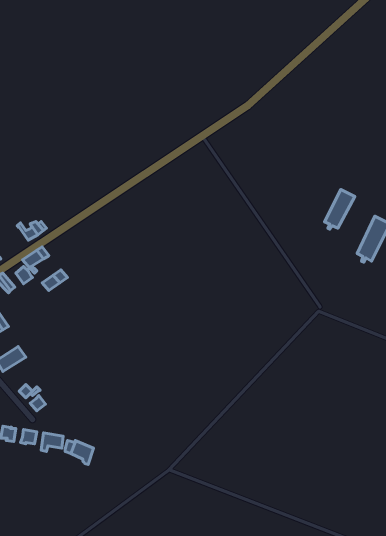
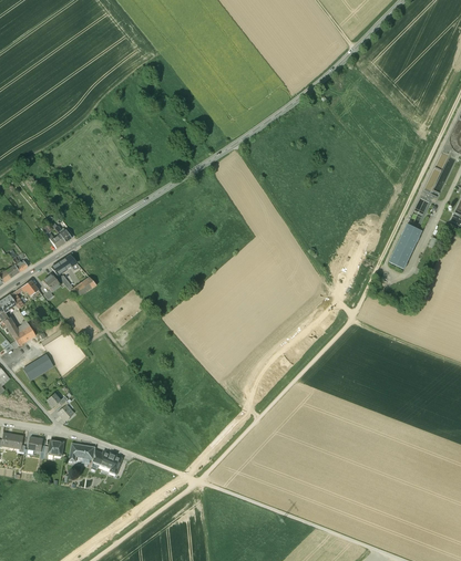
building: [325,189,355,229] -> none

